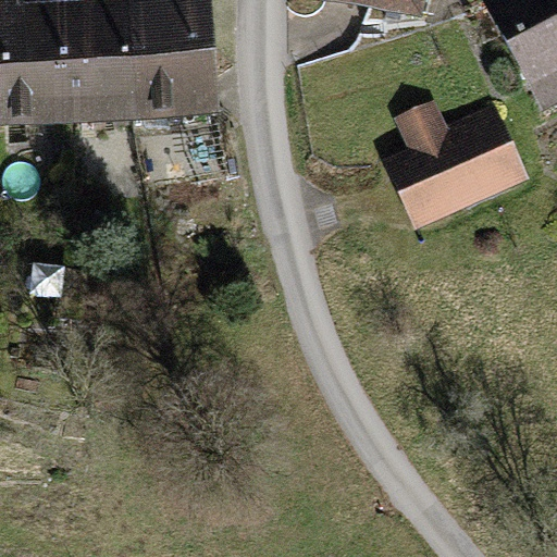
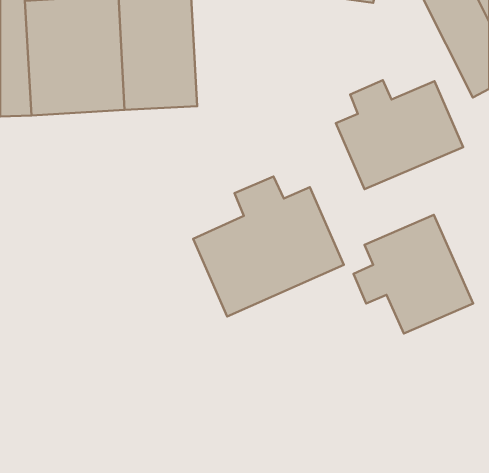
building: none -> [193,176,344,317]
building: none -> [354,215,473,334]

